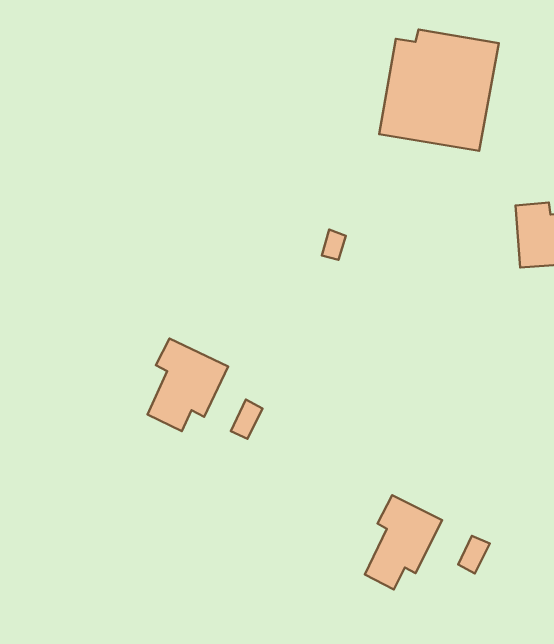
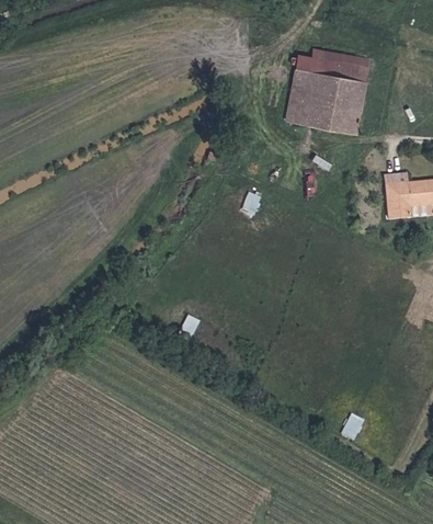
building: [148,338,228,431] -> none
building: [365,495,442,590] -> none

